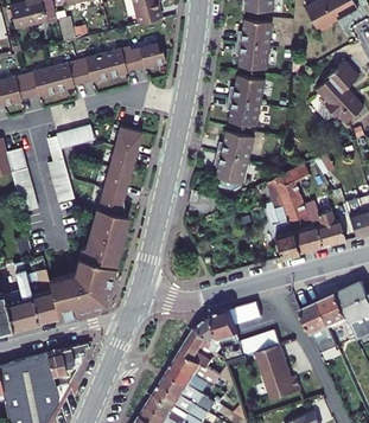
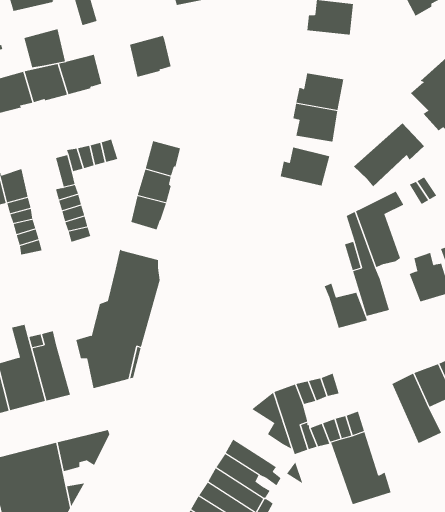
building: [129,43,165,70] -> none
building: [235,43,269,70] -> none
building: [76,53,108,83] -> [24,28,66,68]
building: none -> [353,123,425,187]
building: [214,153,248,184] -> none
building: [97,187,125,216] -> none
building: [288,219,322,254] -> [324,283,368,328]
building: [47,276,75,318] -> none
building: [180,328,217,367] -> none

